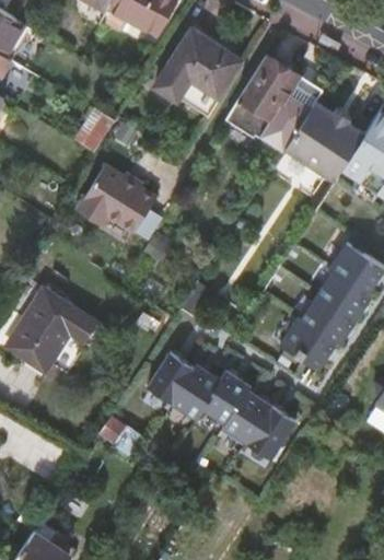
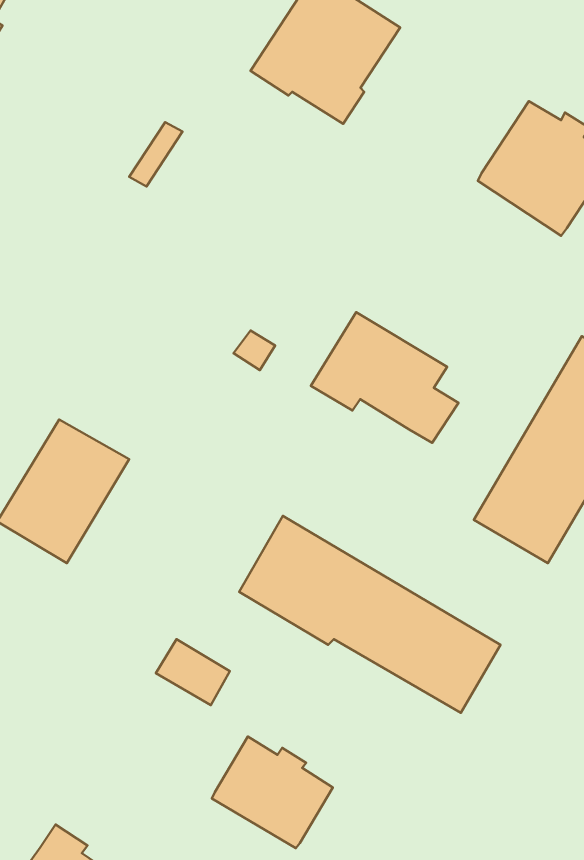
building: [224,56,322,153] -> none
building: [78,165,163,241] -> [311,312,459,443]
building: none -> [212,737,333,848]

